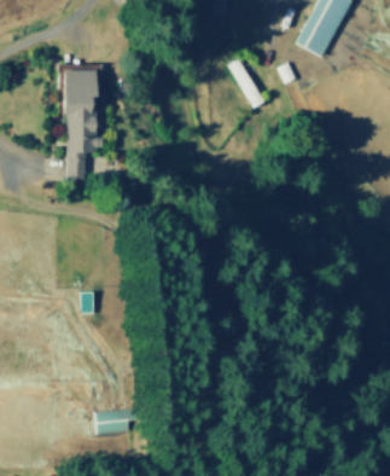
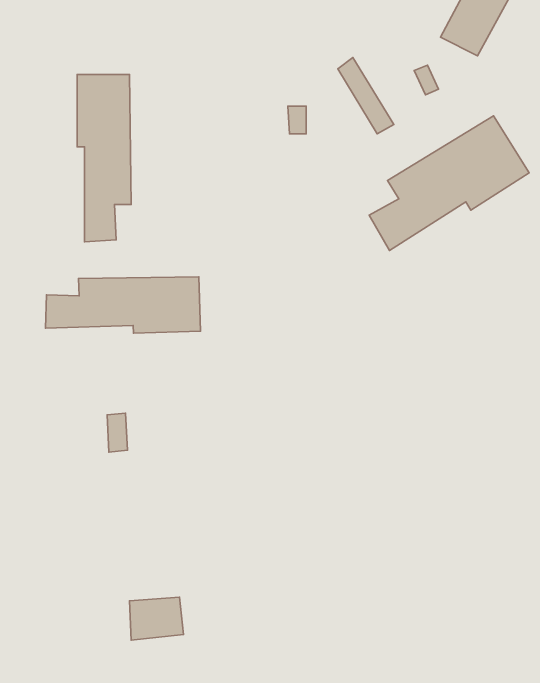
building: none -> [369,116,529,251]
building: none -> [46,277,200,333]

